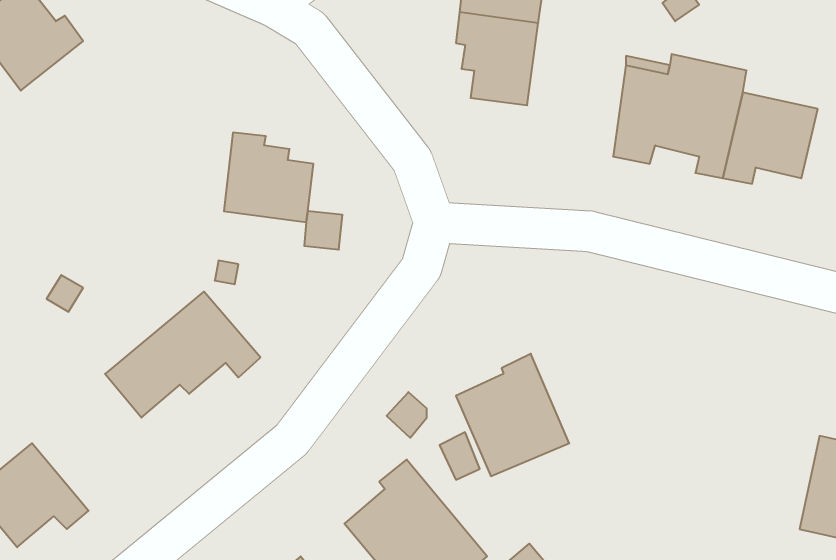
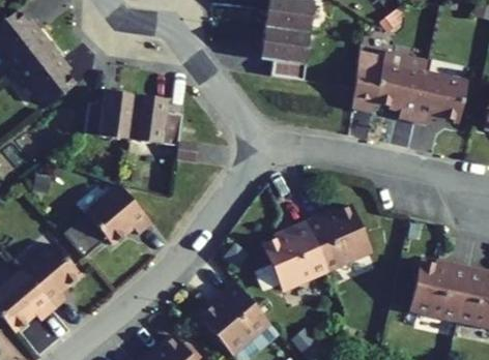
building: none -> [17,42,77,103]
building: none -> [84,91,137,139]
building: none -> [306,204,372,270]
building: none -> [23,242,81,308]
building: none -> [410,260,469,319]

